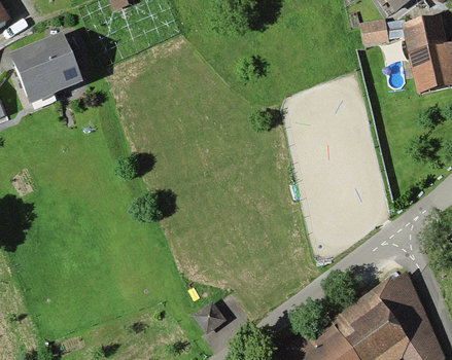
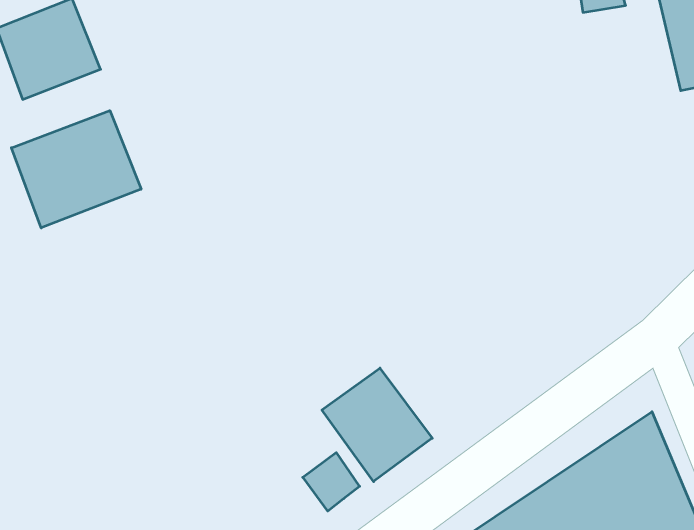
building: none -> [11,111,141,228]
building: none -> [322,368,432,482]

